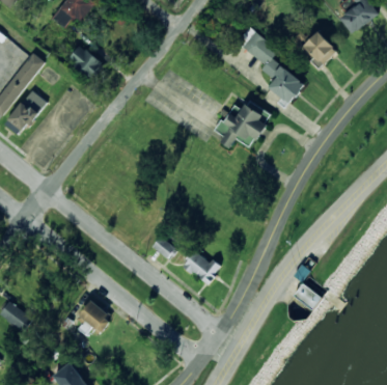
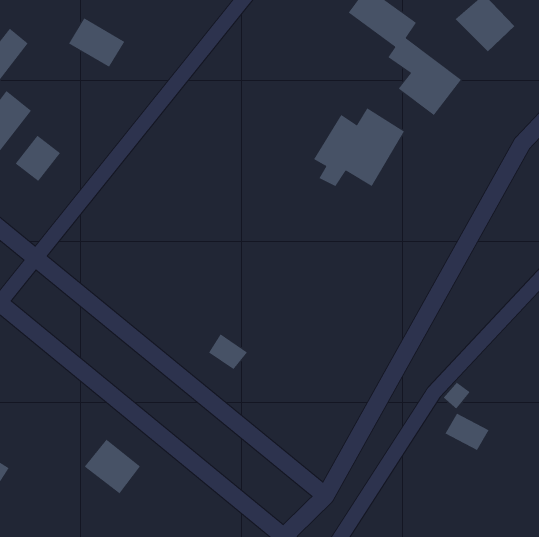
building: none -> [15,135,61,182]
building: [184,250,222,283] -> none

